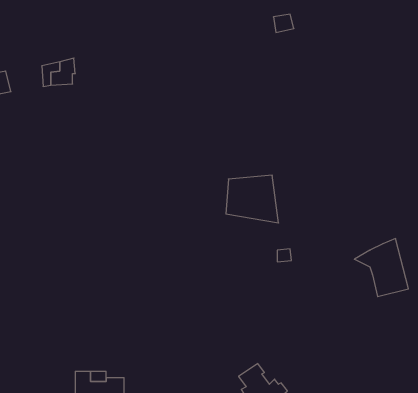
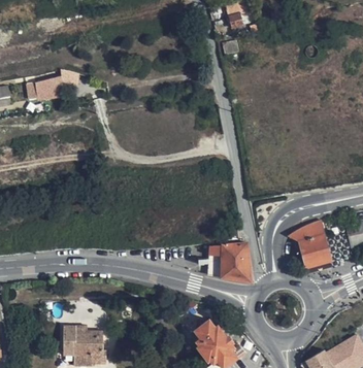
building: [226,175,279,223] -> [207,242,250,280]

